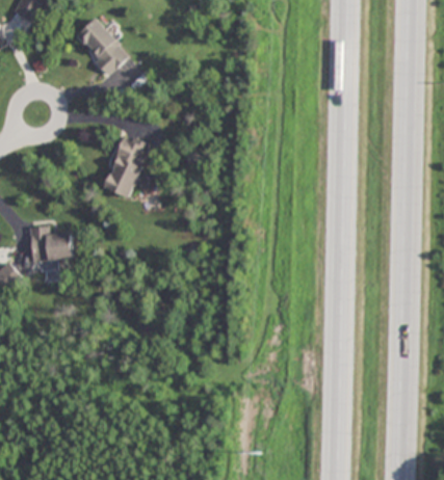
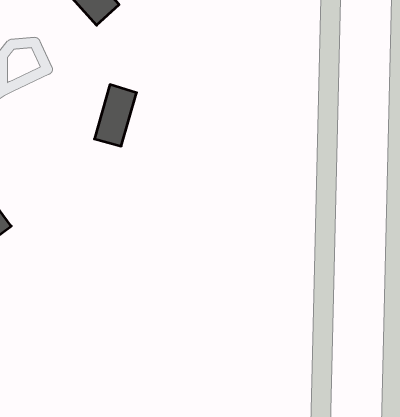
building: [27,228,70,262] -> none

